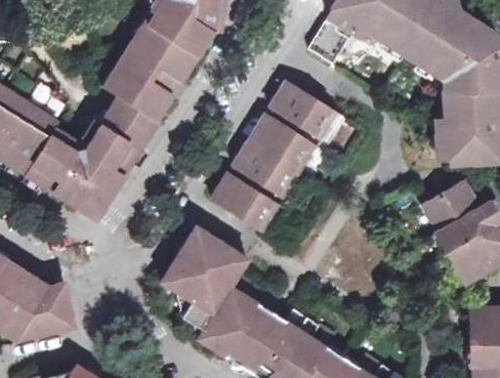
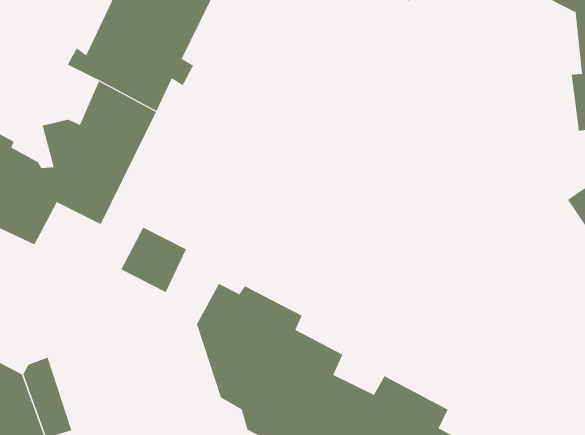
building: [213,77,333,226] -> none
building: [66,176,112,222] -> [121,227,187,293]

